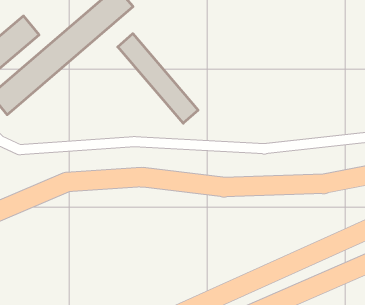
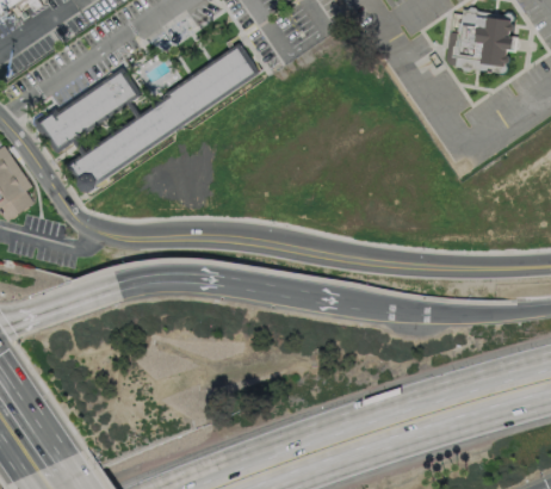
building: [118,34,198,123] -> none

